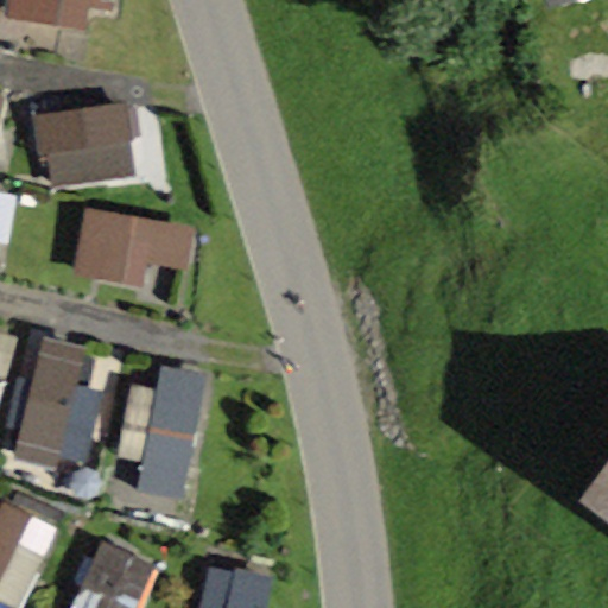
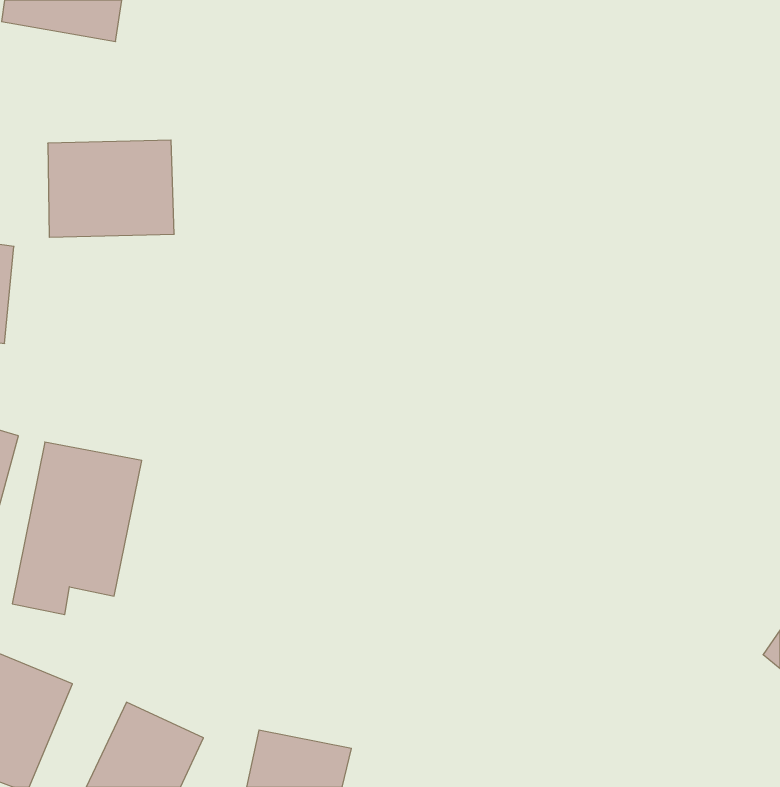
building: [72,211,191,284] -> none
building: [124,362,207,504] -> none

